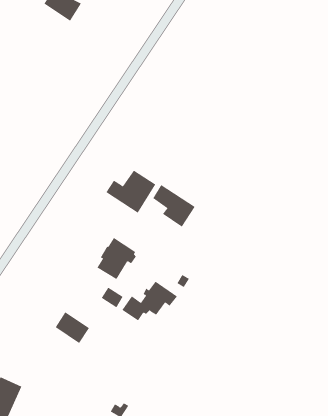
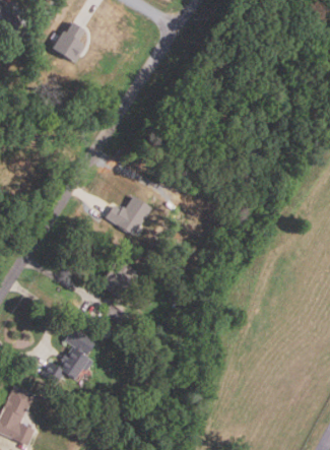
building: [152,184,196,227] -> none
building: [121,281,178,321] -> [41,348,91,385]

